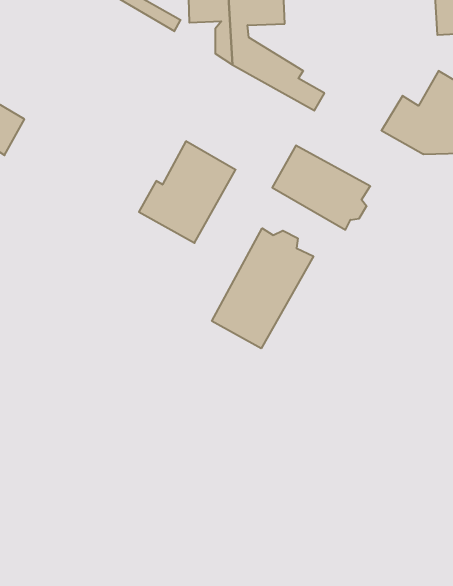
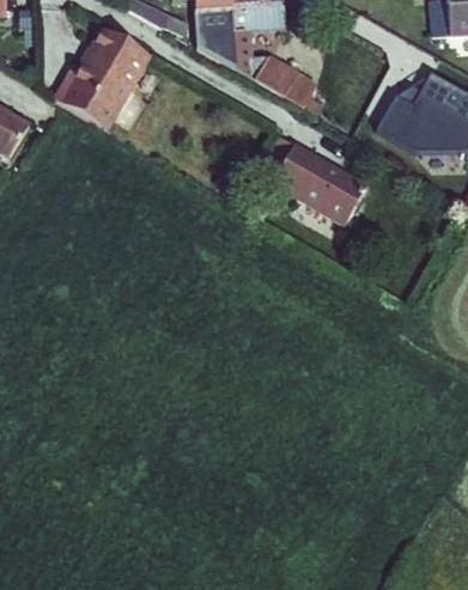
building: [139,141,236,243] -> [55,25,148,123]
building: [212,228,313,348] -> none

